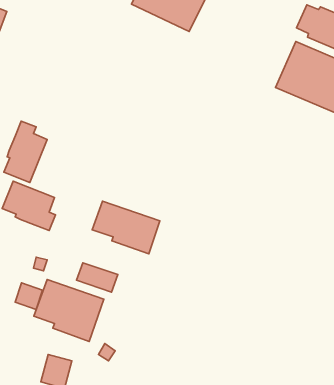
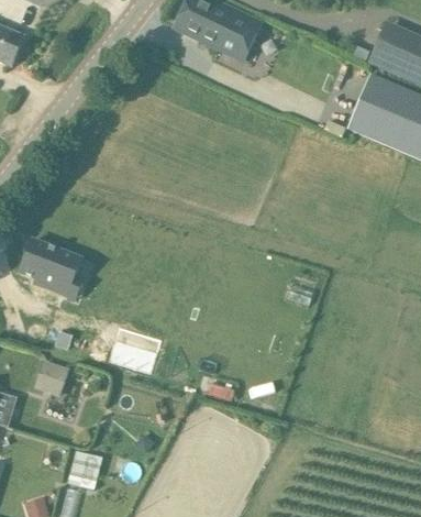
building: [4,121,47,183] -> none
building: [92,201,160,254] -> none
building: [34,279,104,341] -> none

